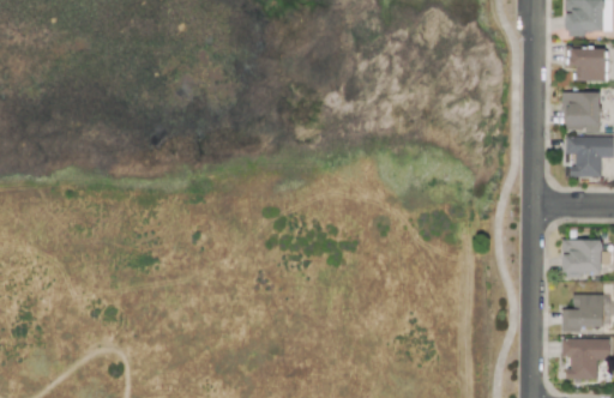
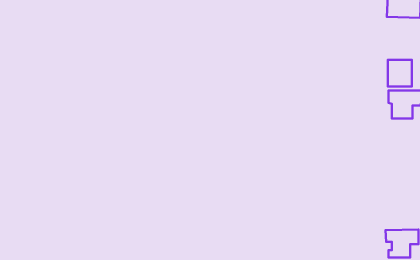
building: [570,48,607,80] -> none
building: [564,239,603,272] -> none
building: [562,294,606,332] -> none

